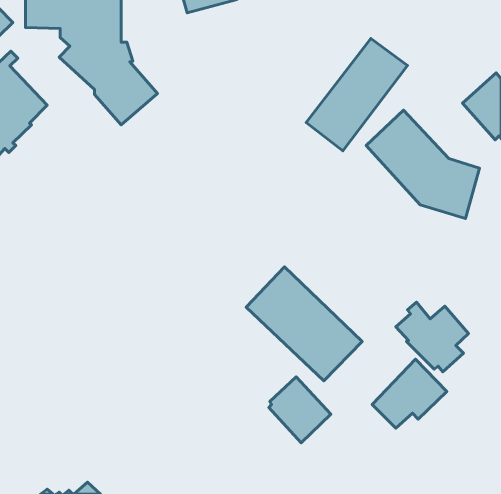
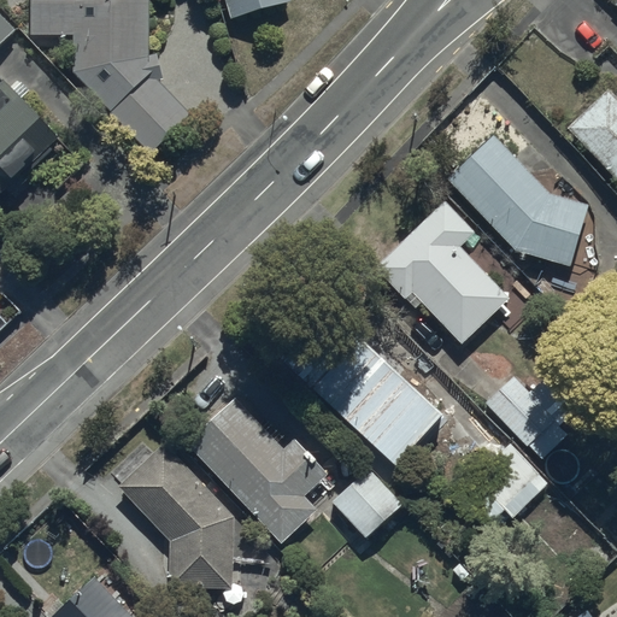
building: [306,38,407,151] -> none
building: none -> [375,200,511,345]
building: none -> [183,394,327,542]
building: none -> [118,441,234,587]

